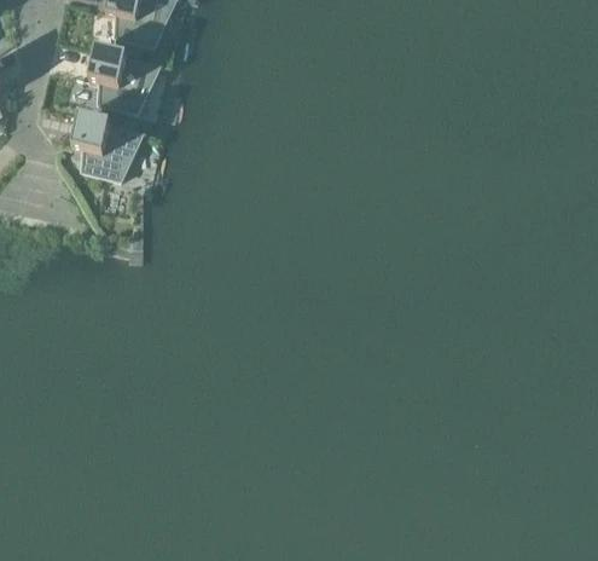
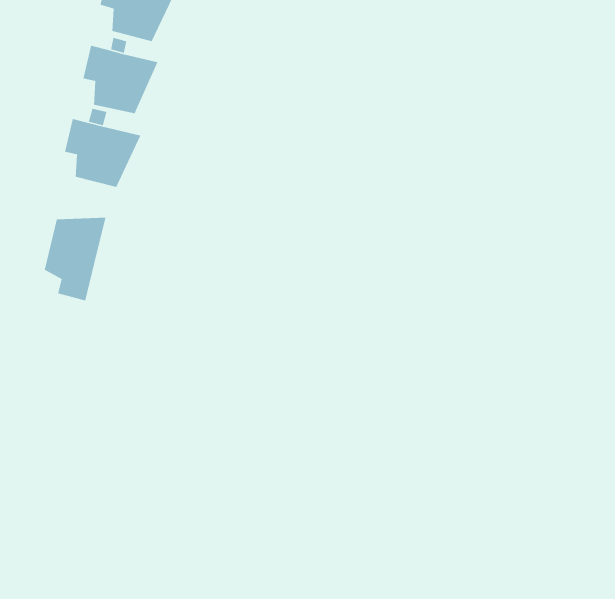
building: none -> [44,217,107,301]

